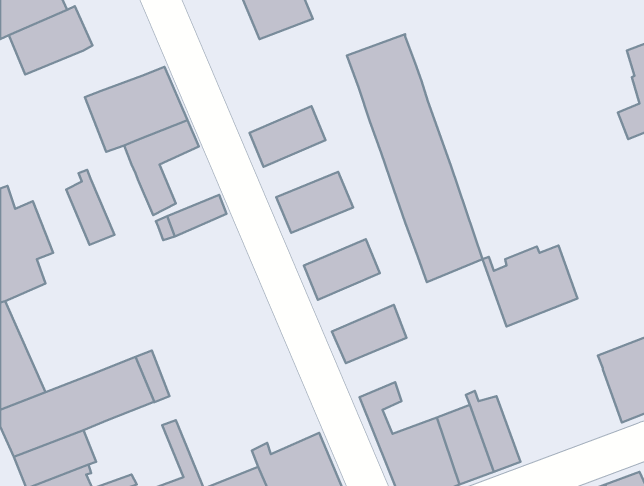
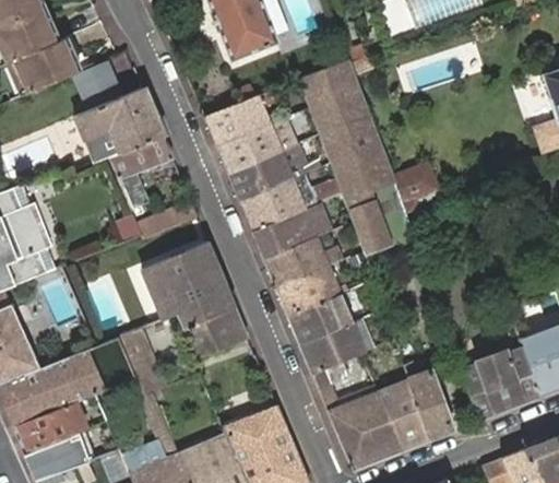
building: none -> [74,59,124,109]
building: none -> [205,95,271,145]
building: none -> [229,144,310,201]
building: none -> [391,161,438,212]
building: [66,170,115,245] -> none
building: none -> [253,204,330,260]
building: none -> [143,242,250,360]
building: [482,245,577,326] -> [456,350,538,420]
building: none -> [276,267,342,317]
building: none -> [300,322,365,374]

